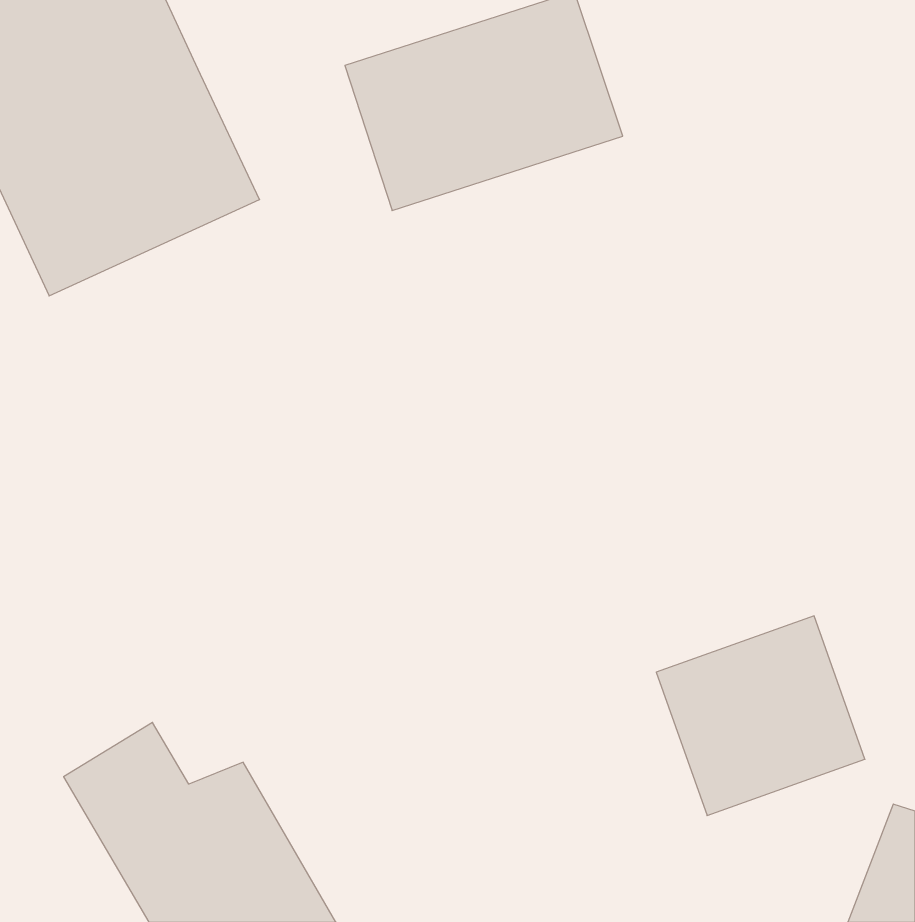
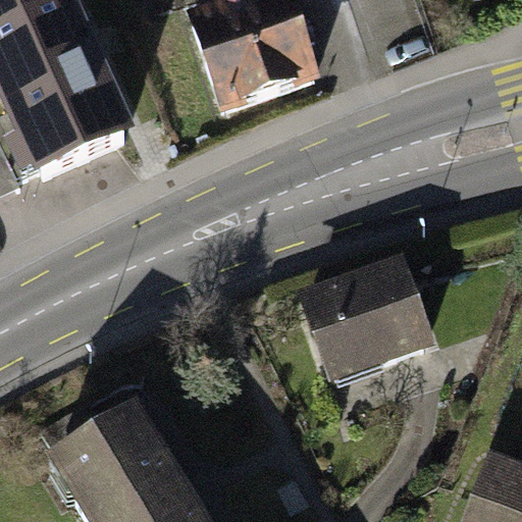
building: [656,616,865,816] -> [307,268,424,380]

